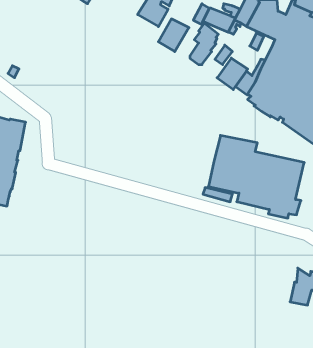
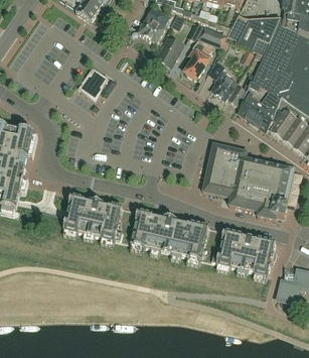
building: none -> [79,66,108,96]
building: none -> [63,195,277,274]

